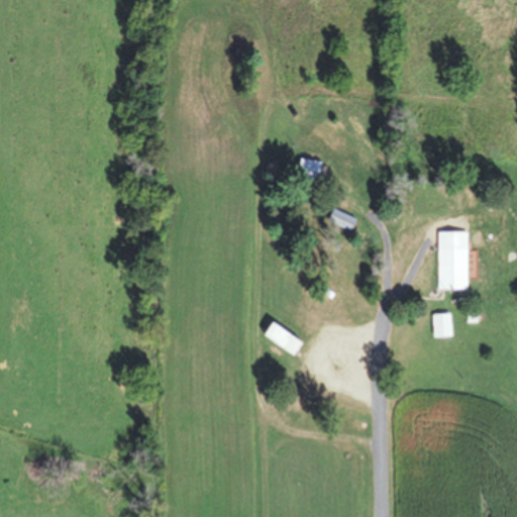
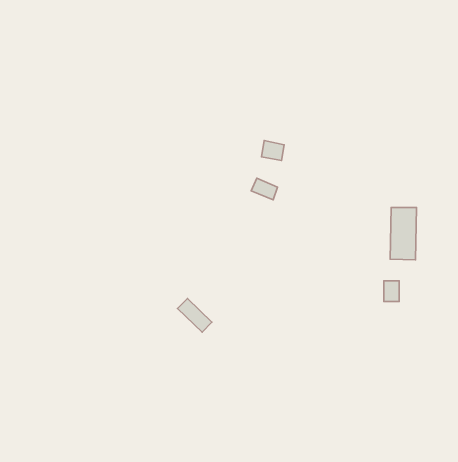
building: [327,207,356,231] -> [251,178,278,200]
building: [263,319,301,356] -> [178,299,212,332]

